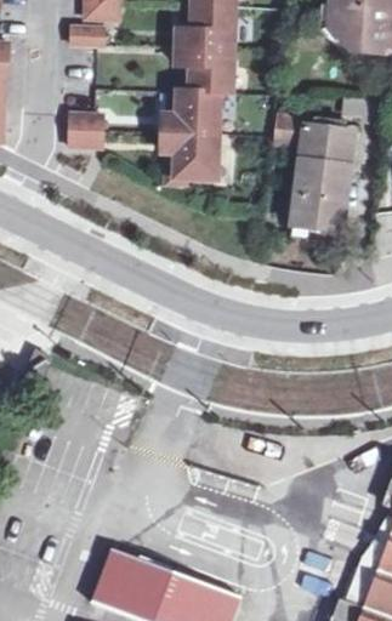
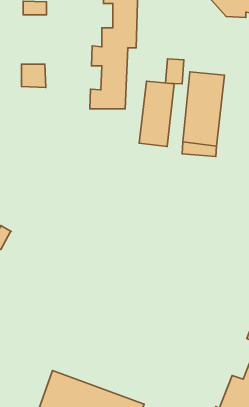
building: none -> [139,81,174,147]

